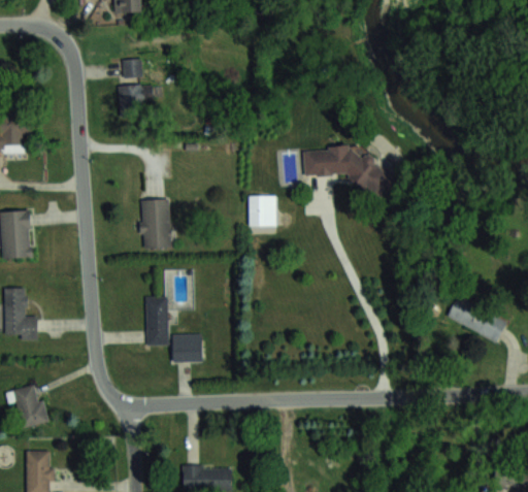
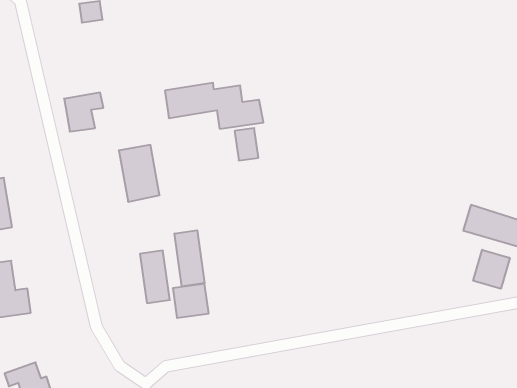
building: [119,85,154,117] -> [64,93,103,132]
building: [304,149,391,192] -> [165,83,263,129]
building: none -> [175,230,205,286]
building: none -> [473,250,510,289]

